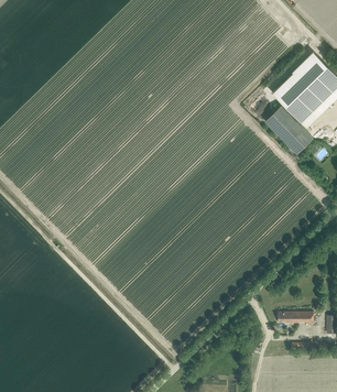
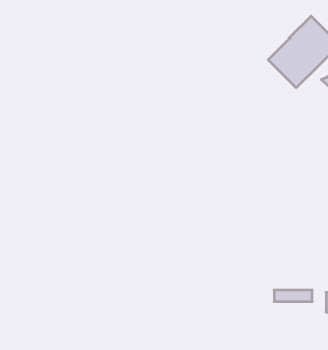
building: [265,106,313,153] -> none

